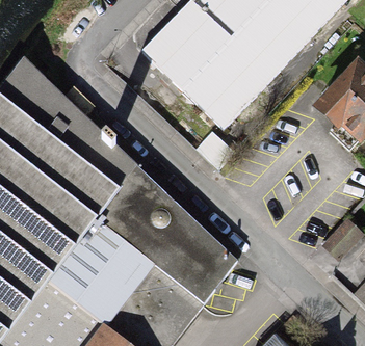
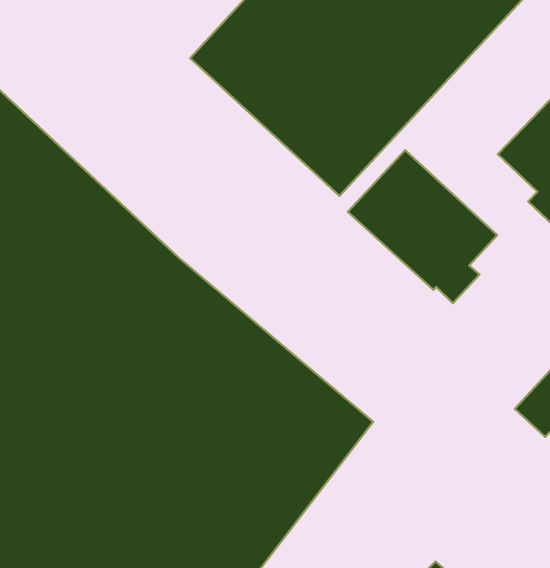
building: none -> [348,150,497,303]

